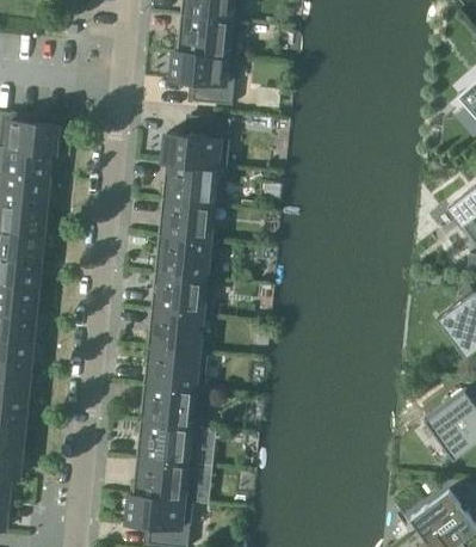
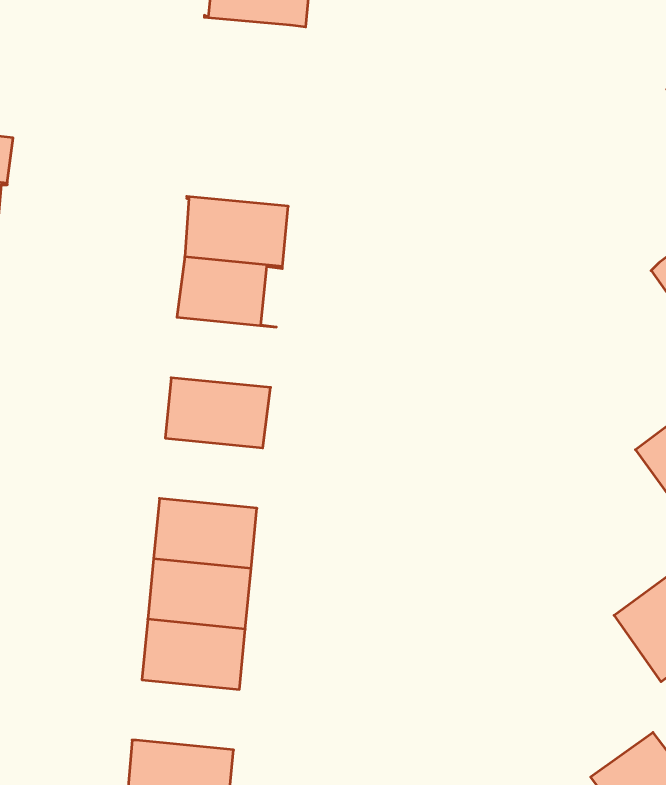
building: [172,51,236,105] -> none
building: [163,116,230,167] -> none
building: [154,235,218,278] -> none
building: [147,309,210,352] -> none
building: [132,457,196,500] -> none

